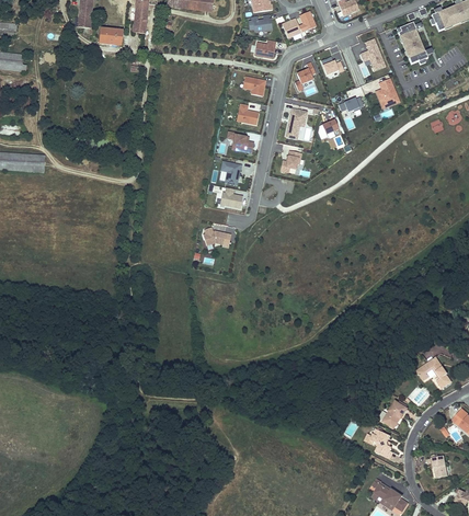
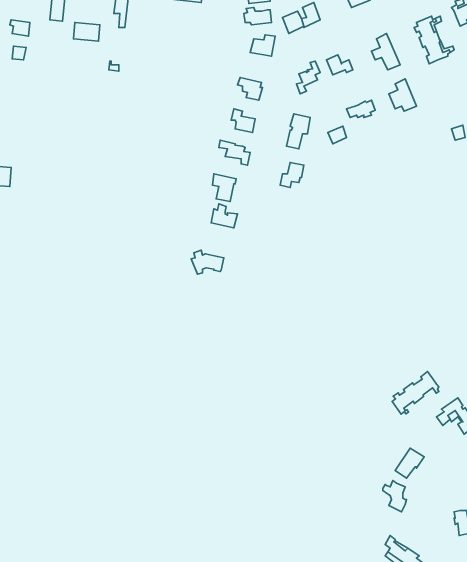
building: none -> [392,371,439,414]

